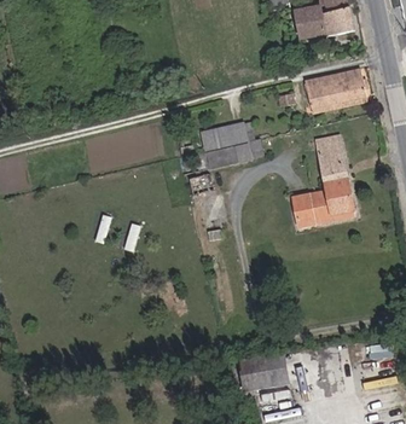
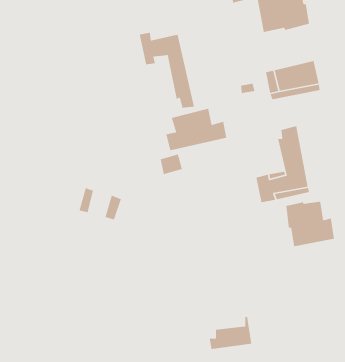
building: none -> [139,32,195,109]
building: none -> [285,201,335,247]
building: [239,354,282,378] -> none

